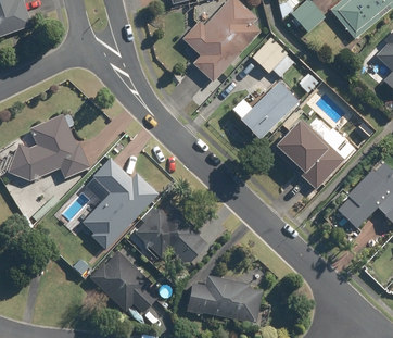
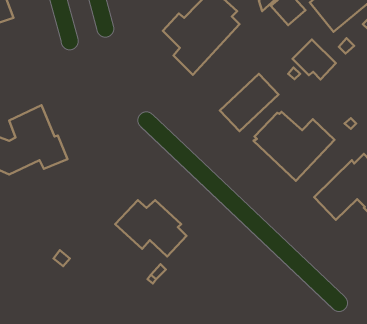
building: [252,37,295,77] -> [292,39,336,79]
building: [80,158,157,250] -> none
building: [89,251,157,312] -> none
building: [186,276,261,324] -> none

